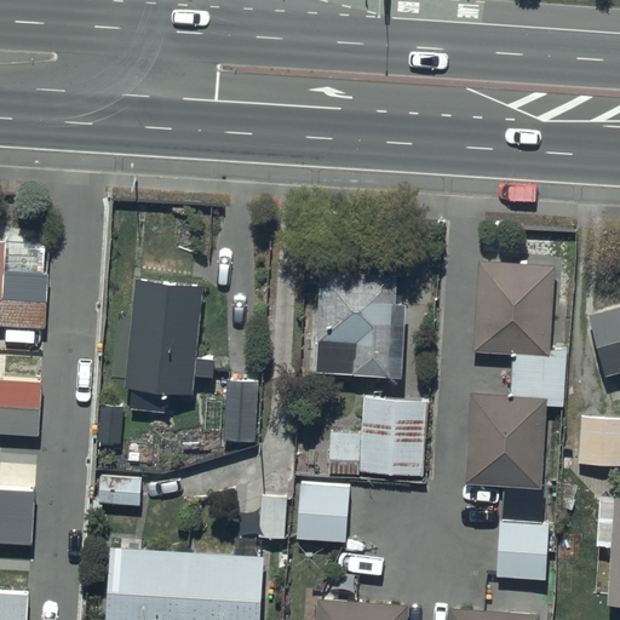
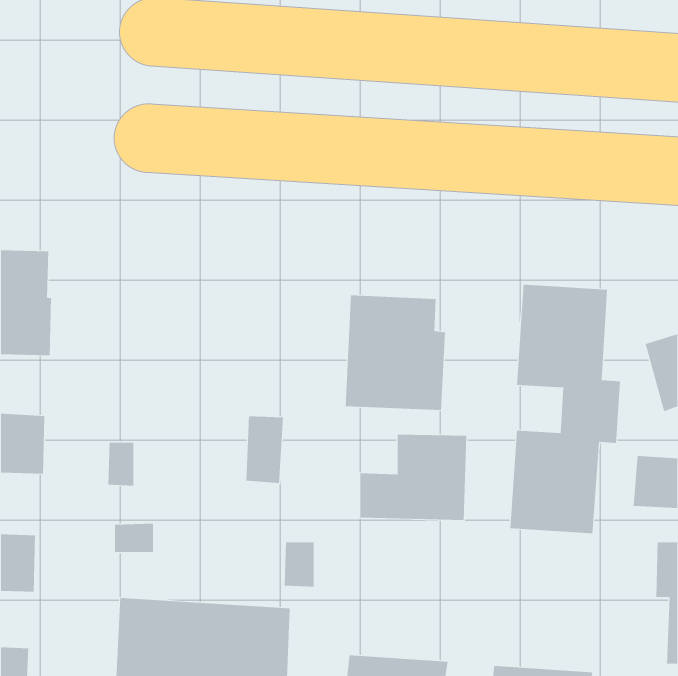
building: [125,279,216,412] -> none
building: [299,482,350,542] -> none
building: [496,522,550,580] -> none

